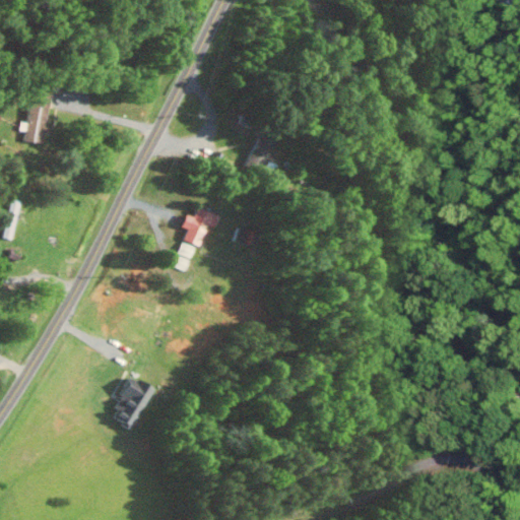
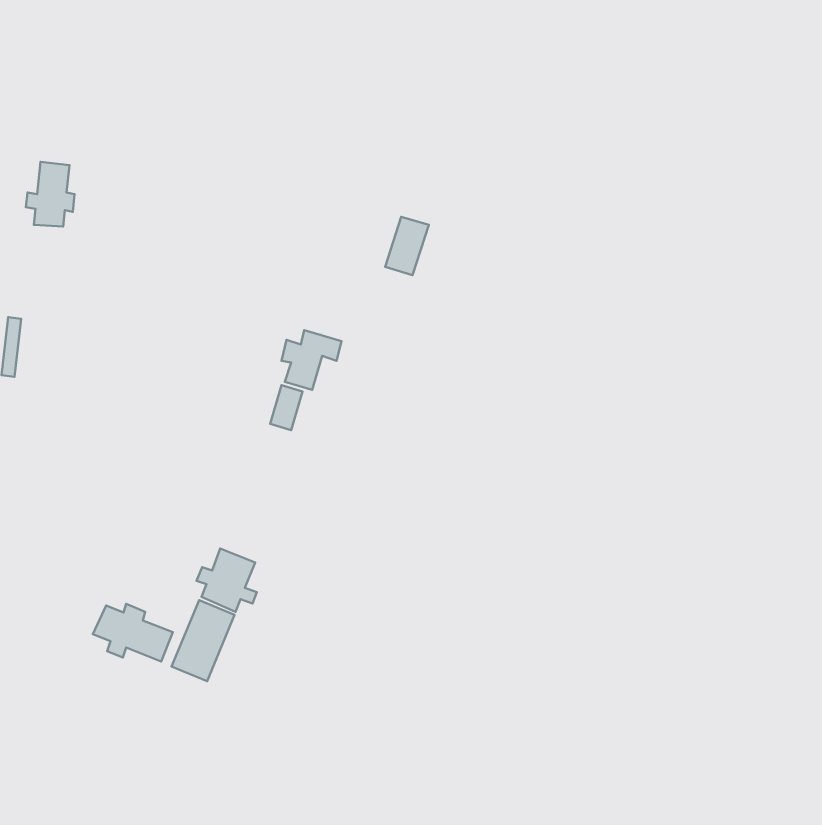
building: none -> [197,549,257,612]
building: none -> [93,604,173,662]

